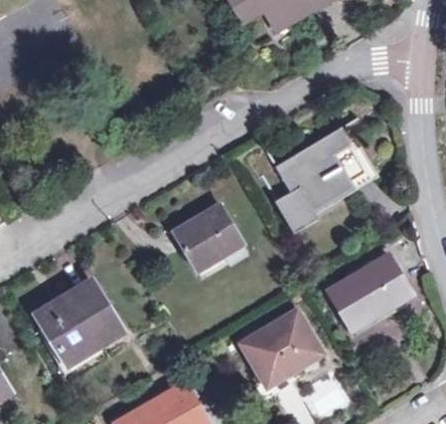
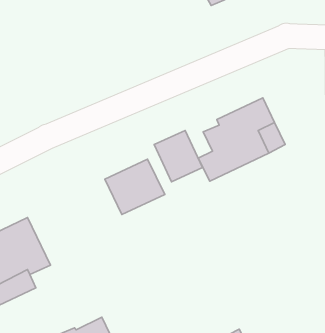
building: none -> [154,130,203,182]
building: [328,255,412,325] -> none
building: [242,311,320,385] -> none

